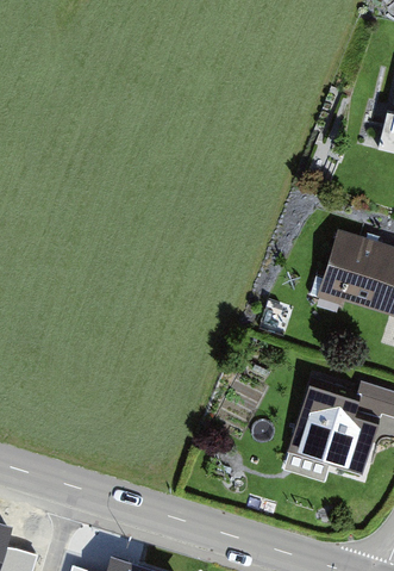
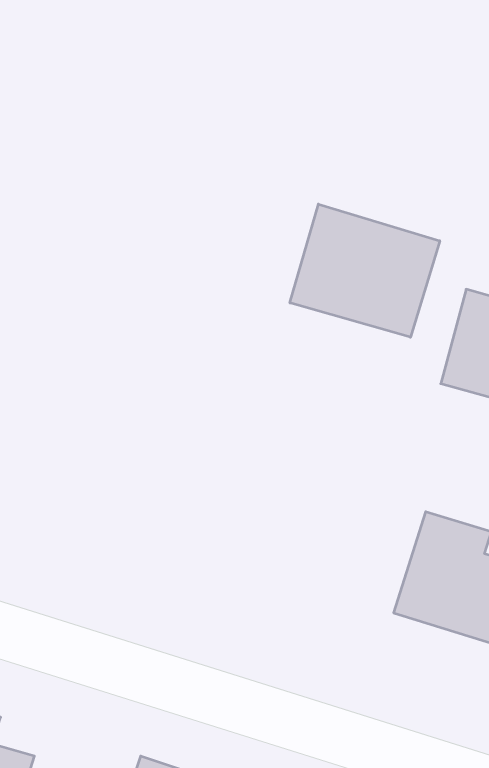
building: none -> [290,204,440,337]

